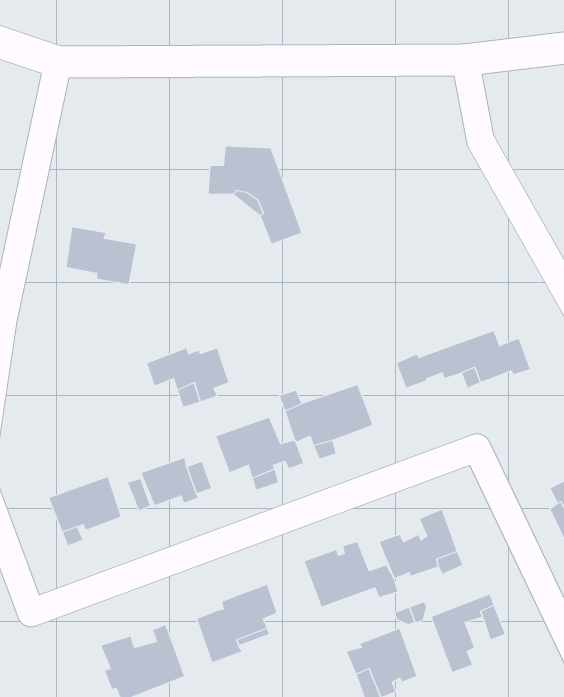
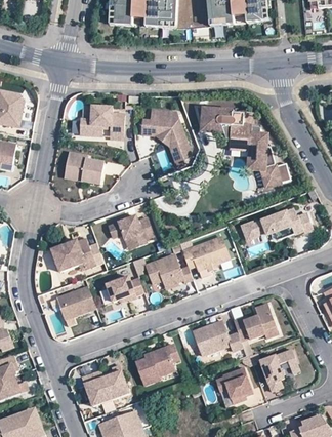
building: none -> [80,106,124,138]
building: none -> [196,106,290,186]
building: none -> [51,237,103,271]

